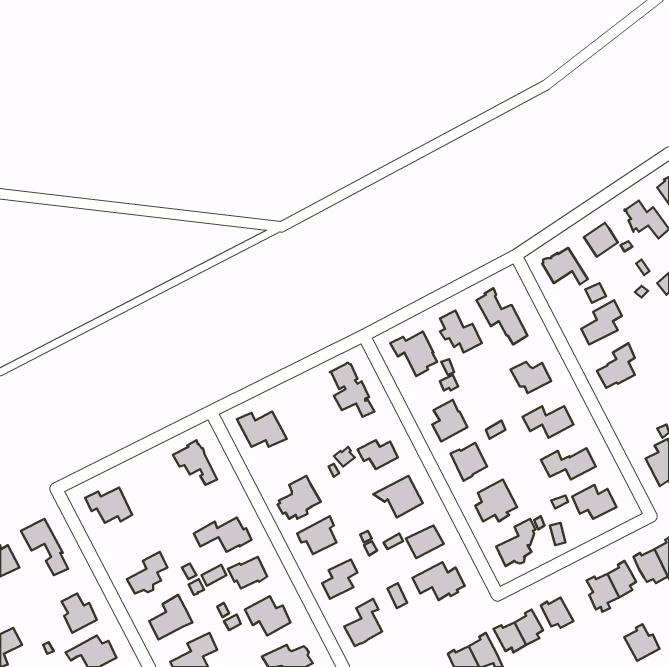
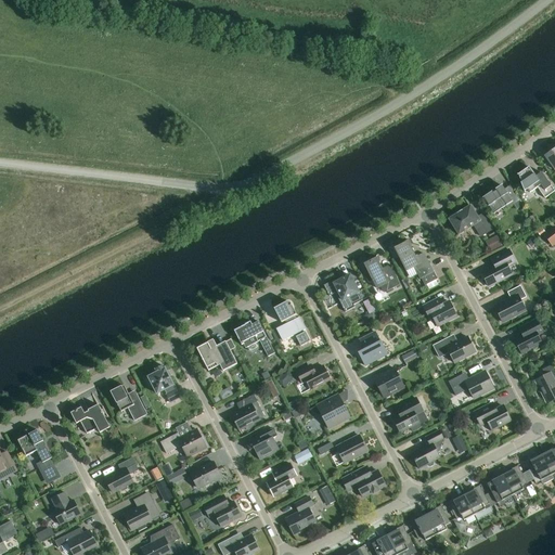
building: none -> [514,318,543,353]
building: none -> [234,320,274,356]
building: none -> [111,384,147,420]
building: [624,624,659,661] -> [464,483,493,514]

